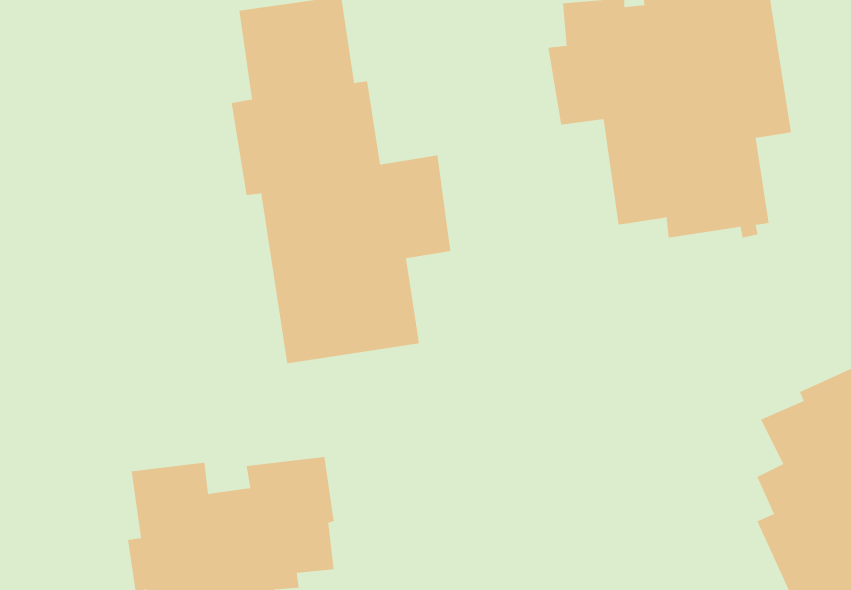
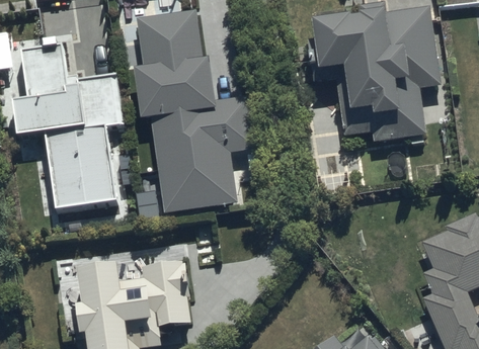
building: none -> [13,38,124,209]

